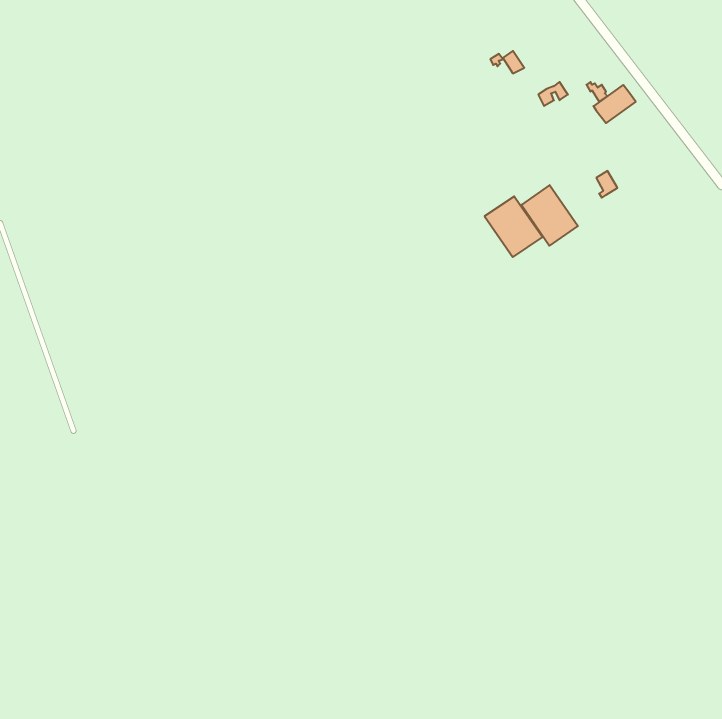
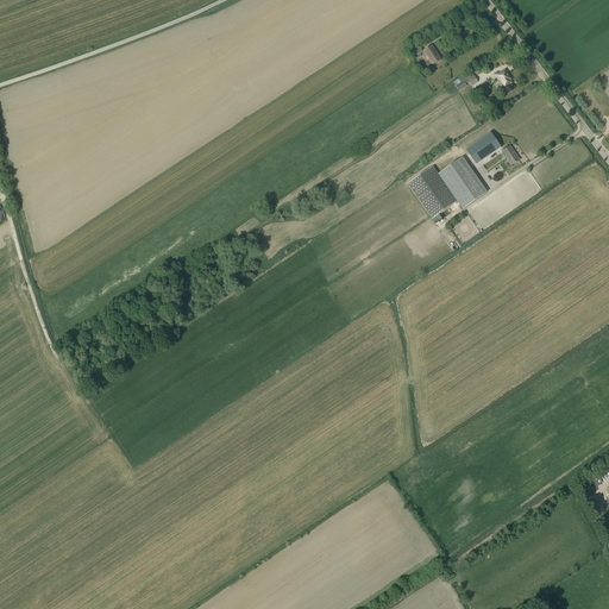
building: [593,85,636,123] -> [465,131,501,163]

